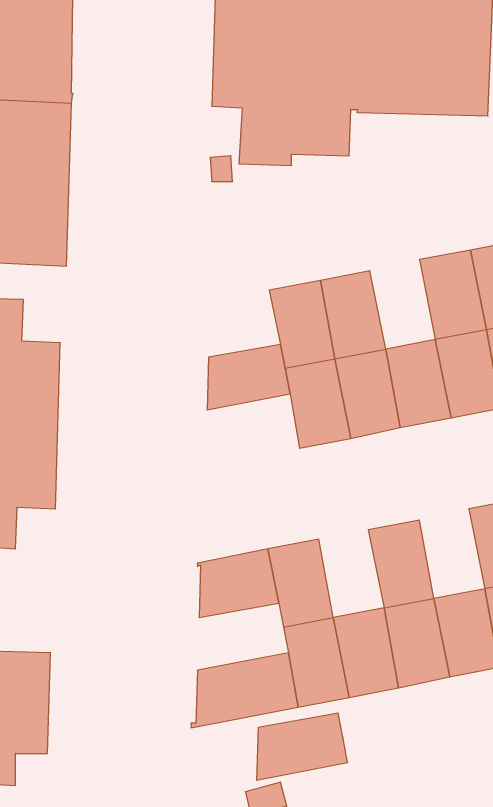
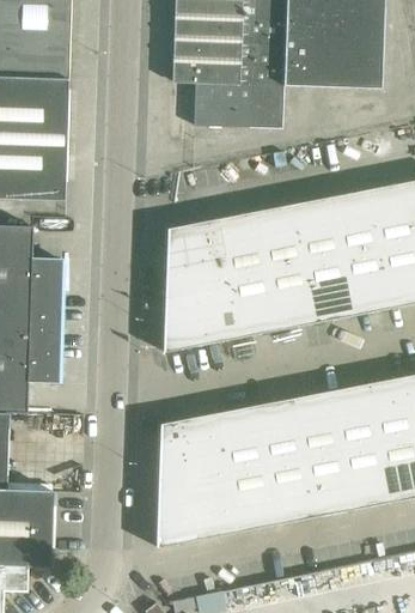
building: none -> [291,196,340,263]
building: none -> [169,219,224,269]
building: none -> [164,297,238,352]
building: none -> [328,383,377,450]
building: none -> [252,399,301,465]
building: [257,713,348,780] -> [161,454,230,504]

